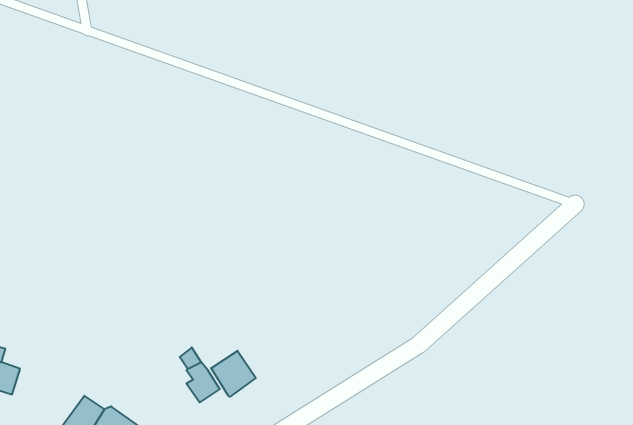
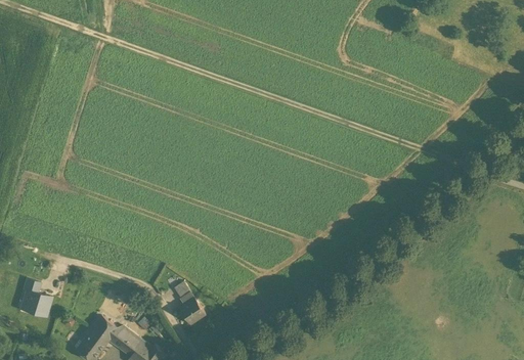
building: [211,351,256,397] -> none

